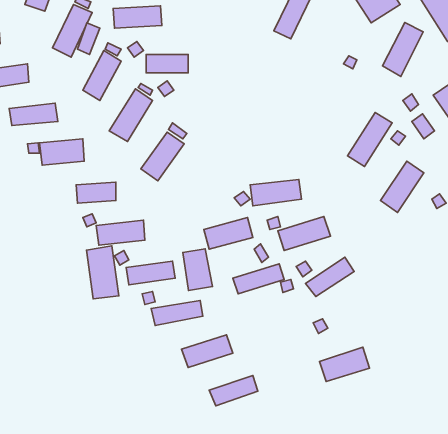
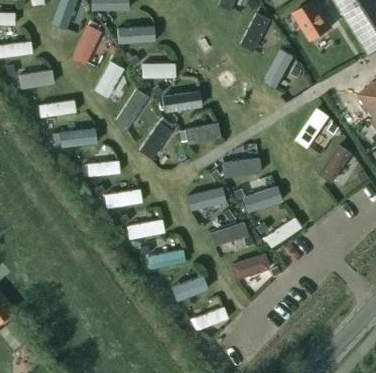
building: [382,23,423,76] -> [263,49,294,90]
building: none -> [162,91,201,113]
building: none -> [187,124,220,145]
building: [86,246,119,299] -> none
building: [183,249,212,290] -> none
building: [320,347,370,381] -> [230,255,268,281]

